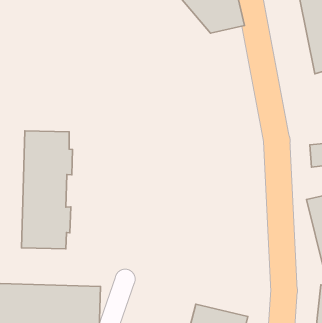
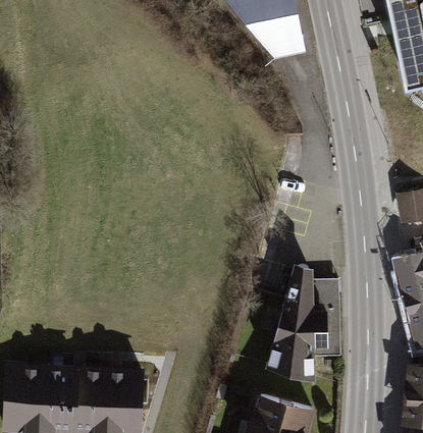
building: [21,131,72,249] -> none
building: none -> [263,264,336,382]

